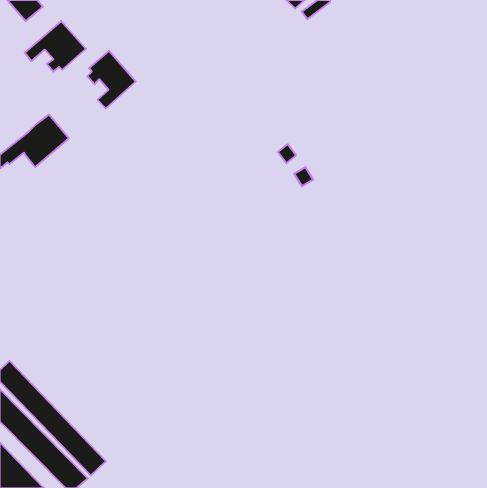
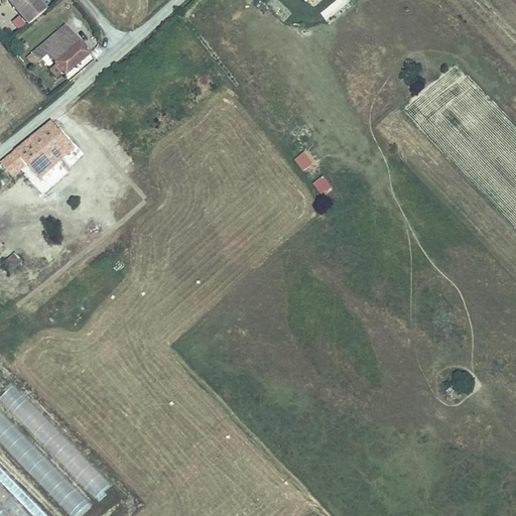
building: [87,51,136,108] -> none

